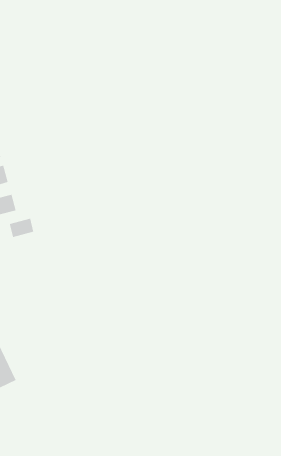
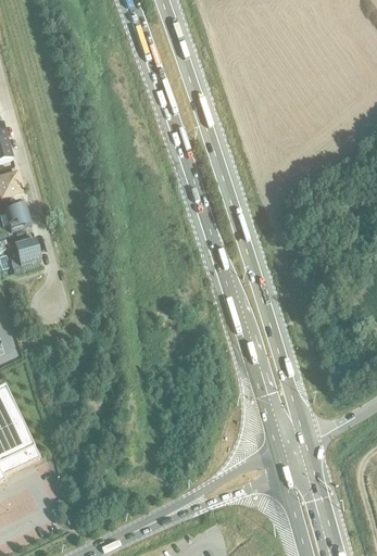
building: [9,218,34,238] -> none

